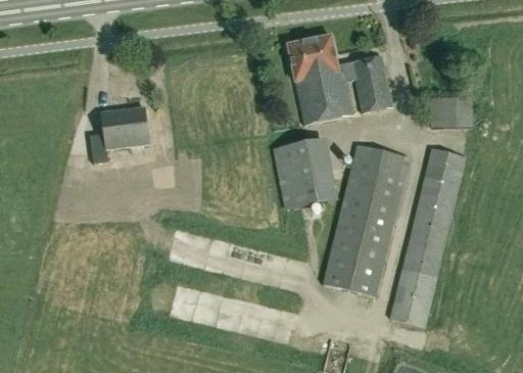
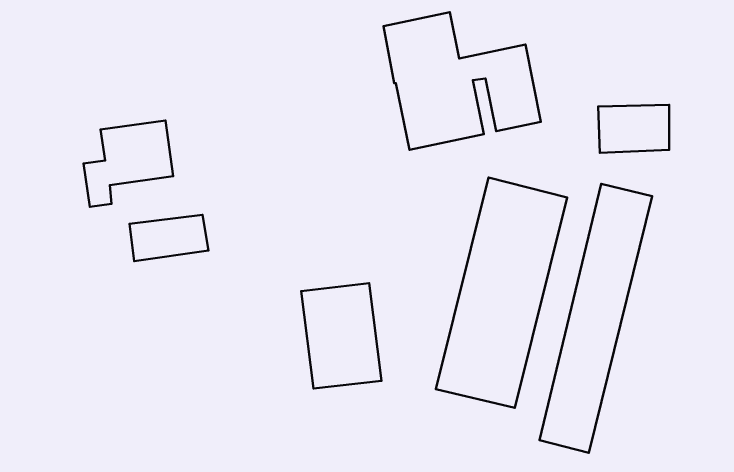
building: [270,131,323,200] -> [301,283,382,388]
building: none -> [129,215,209,261]

